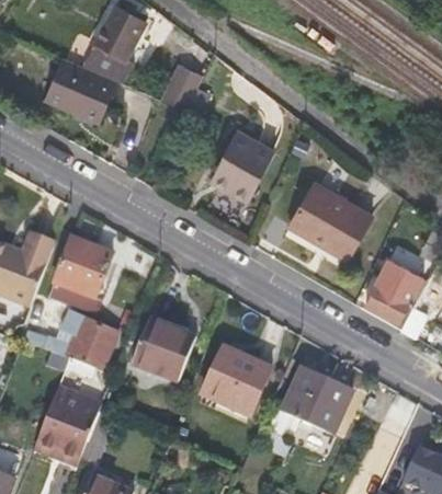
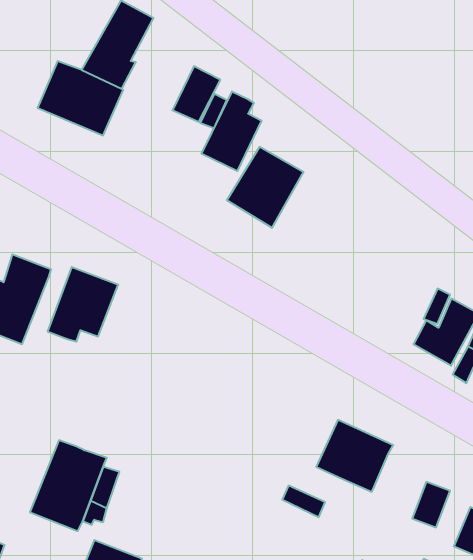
building: none -> [202,91,261,171]
building: [291,183,370,257] -> none
building: [16,314,116,369] -> none
building: [133,328,196,381] -> none
building: [202,347,269,414] -> none

